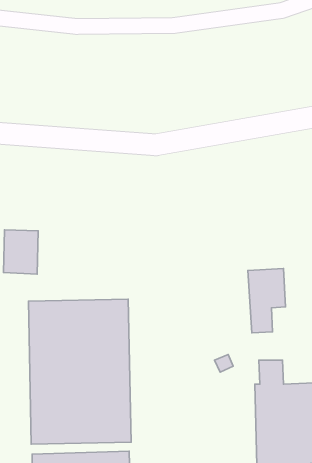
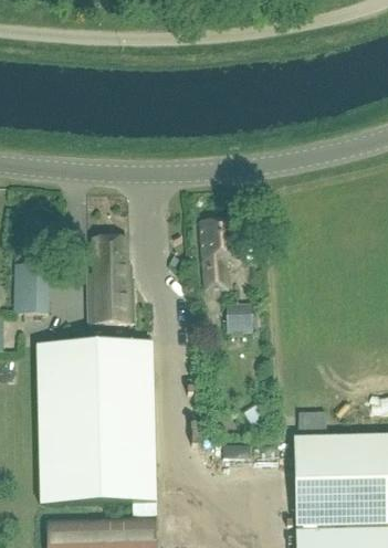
building: none -> [86,239,134,324]
building: none -> [224,303,252,334]
building: [248,268,285,333] -> [199,219,241,291]

